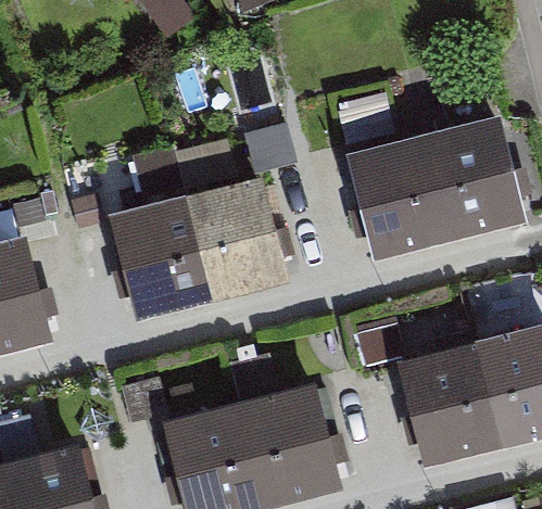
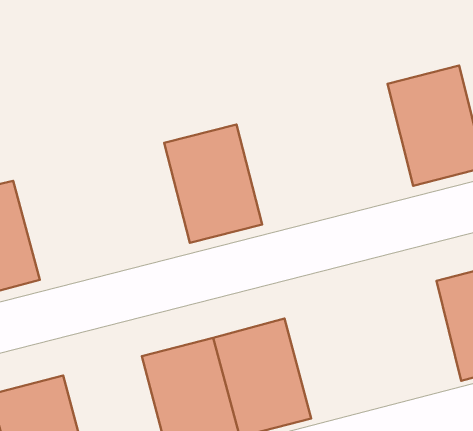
building: [348,132,451,260] -> none
building: [109,195,213,321] -> none
building: [398,342,502,467] -> none

